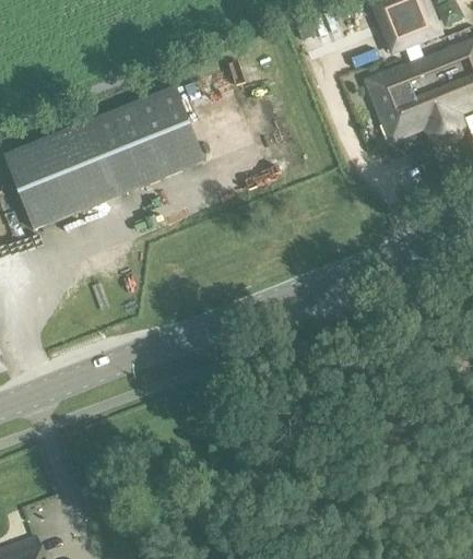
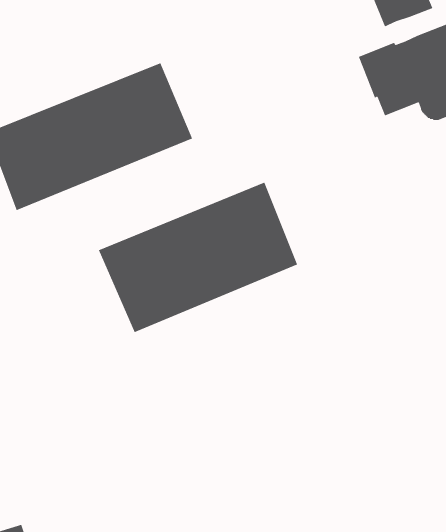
building: none -> [98,182,298,333]

